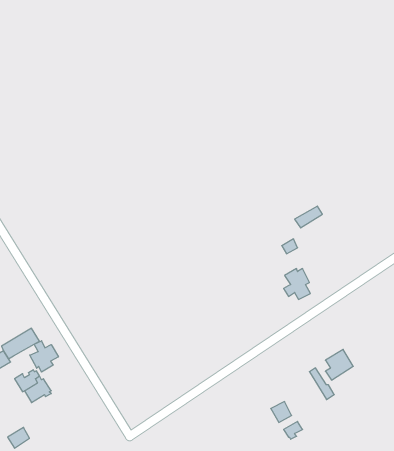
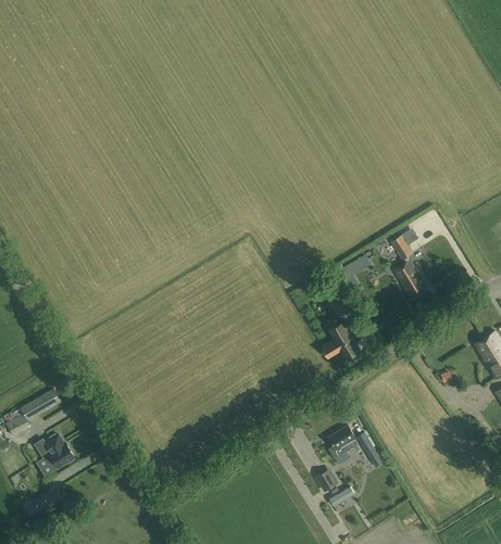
building: none -> [391,235,427,299]
building: [30,341,58,372] -> none
building: [325,349,353,380] -> [328,426,359,459]

